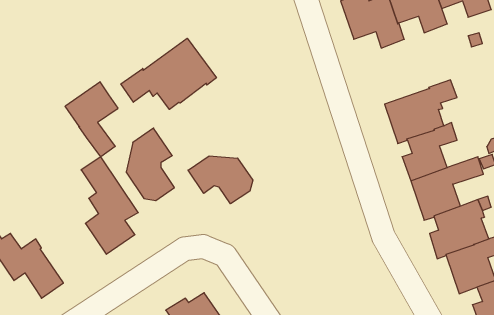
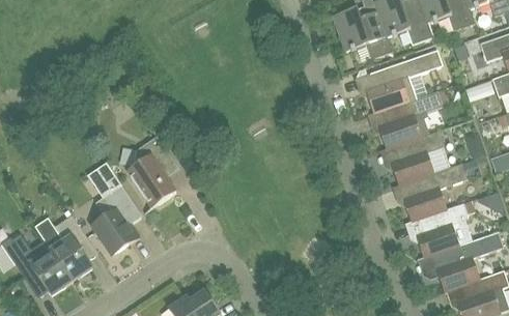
building: none -> [361,50,443,113]
building: [121,38,216,109] -> none
building: [65,82,118,157] -> none
building: [188,156,253,204] -> none
building: none -> [50,214,92,282]

